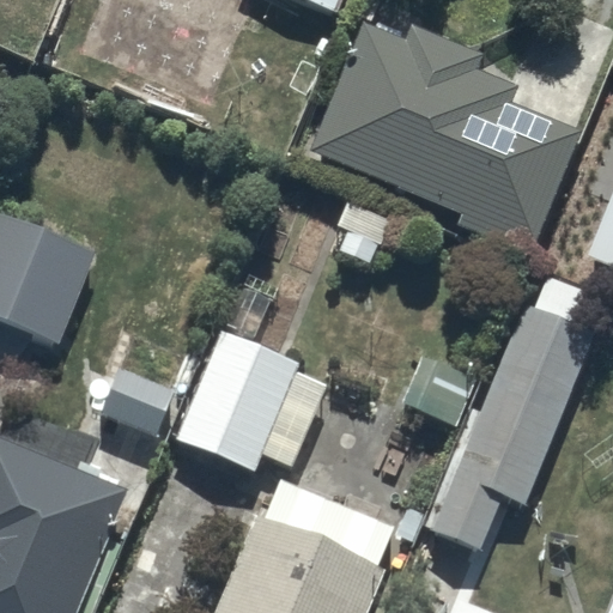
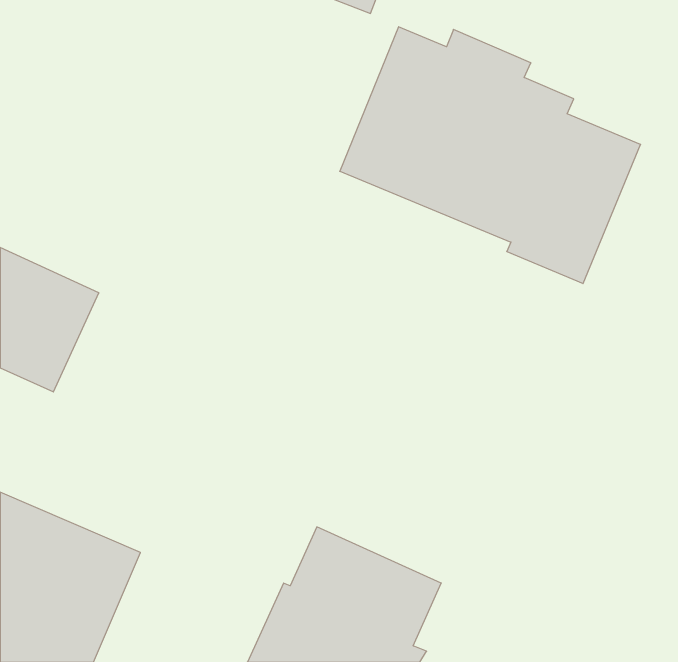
building: [423,308,593,552] -> none
building: [174,333,316,473] -> none

